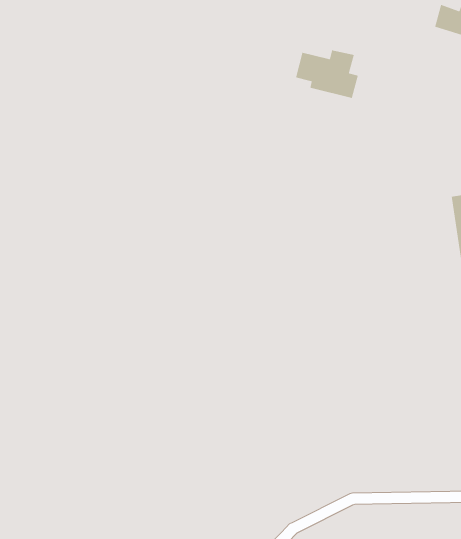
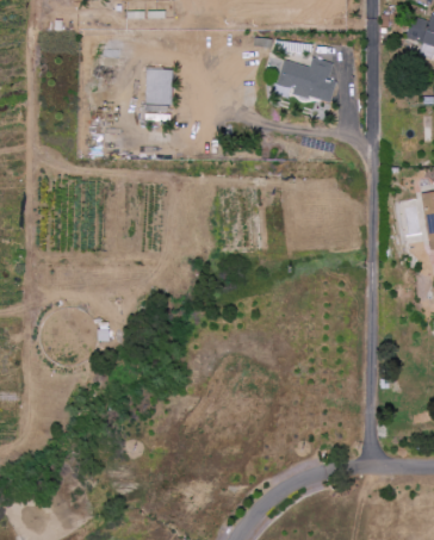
building: none -> [144,68,172,122]

